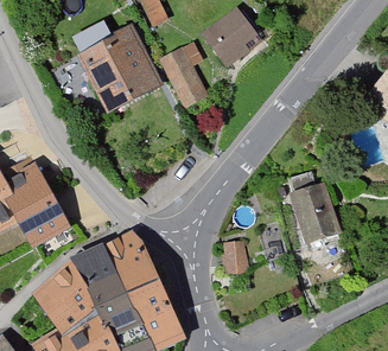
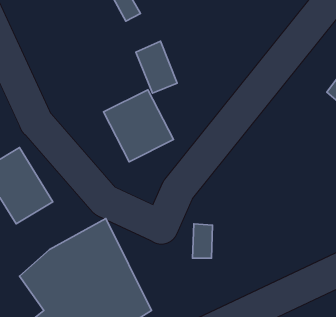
building: [203,13,253,69] -> none
building: [82,31,157,108] -> [103,90,173,162]
building: [291,184,336,244] -> none

